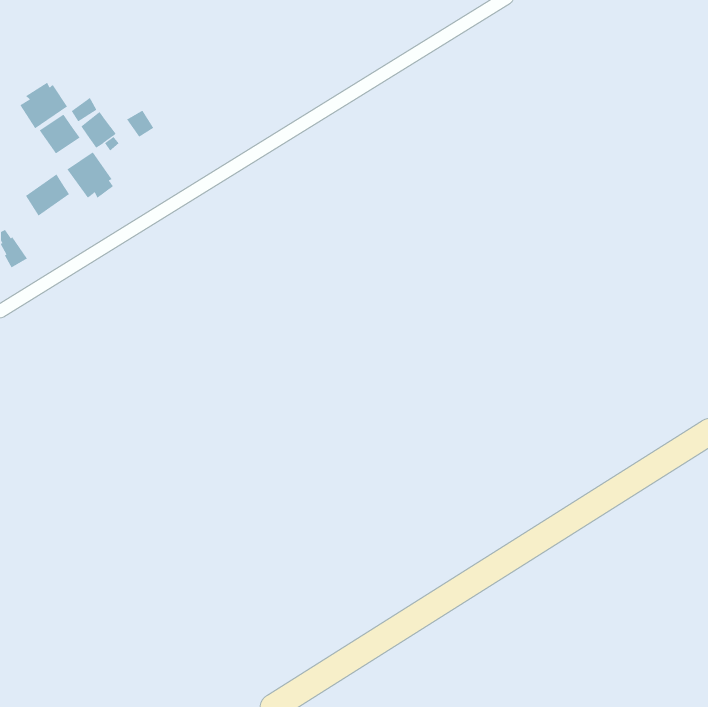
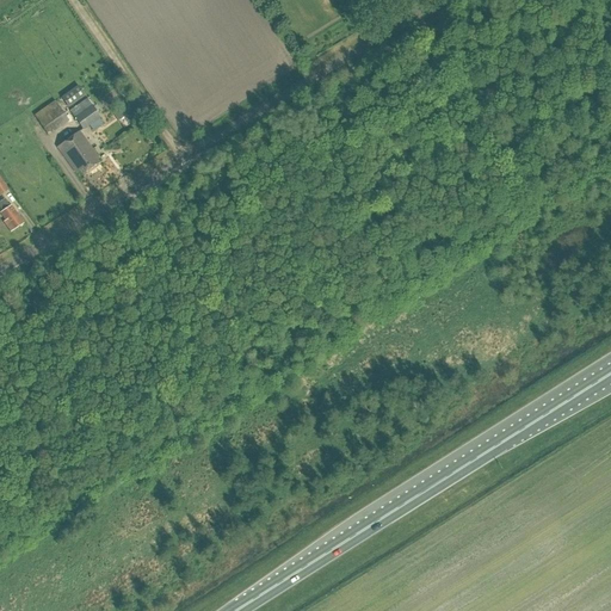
building: [20,82,68,129] -> none
building: [25,174,70,216] -> none

